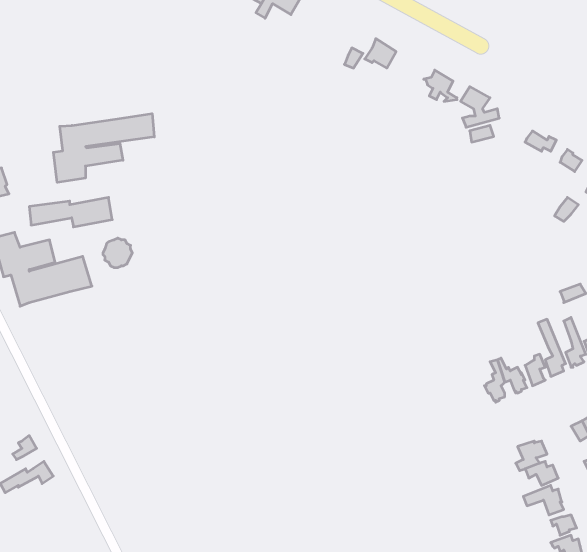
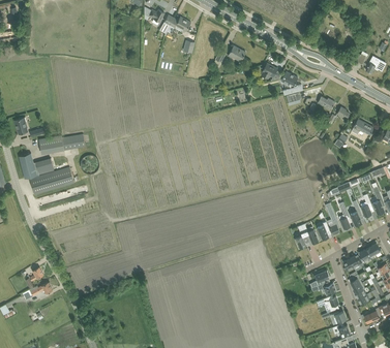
building: [53,114,154,182] -> none

